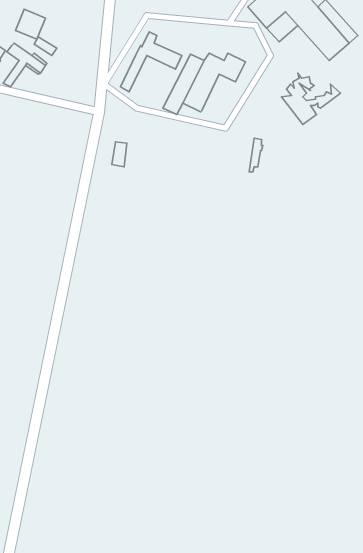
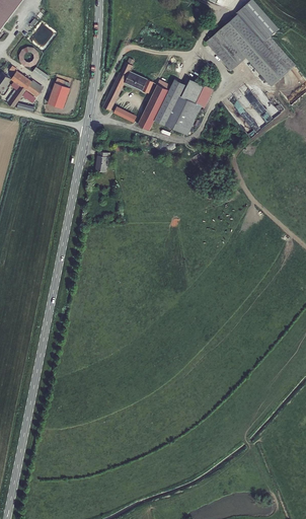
building: none -> [48,78,69,107]
building: none -> [168,96,201,135]

